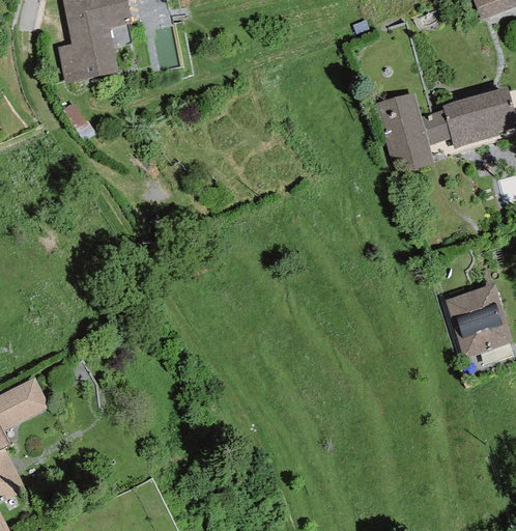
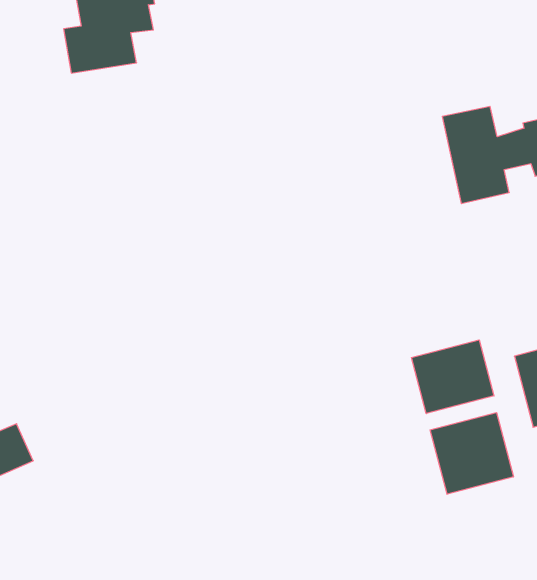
building: none -> [411,340,494,414]
building: none -> [430,413,513,494]

